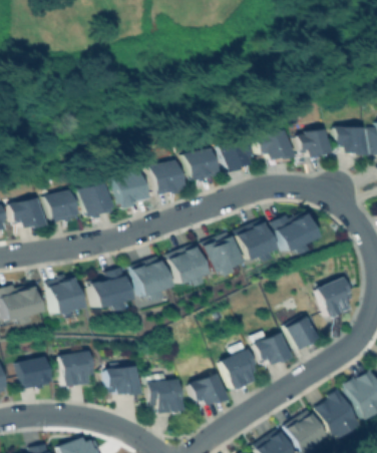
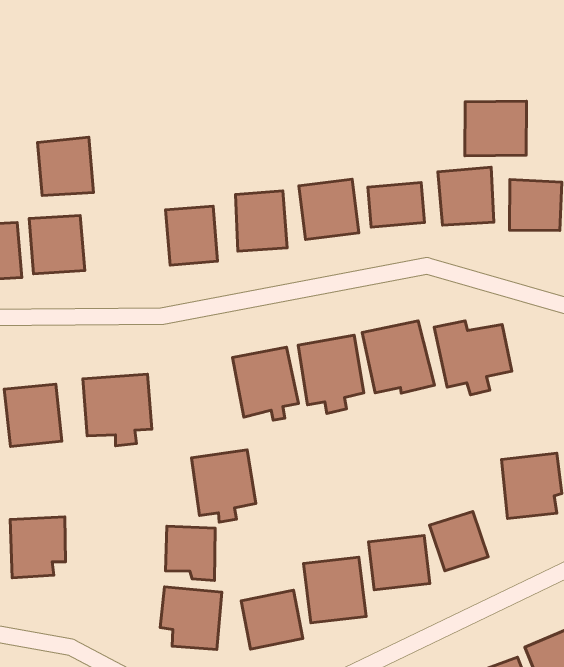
building: none -> [465,101,526,156]
building: [81,184,115,219] -> [37,137,93,196]
building: [128,258,166,299] -> [192,450,256,522]
building: [109,369,139,398] -> [165,526,215,581]

